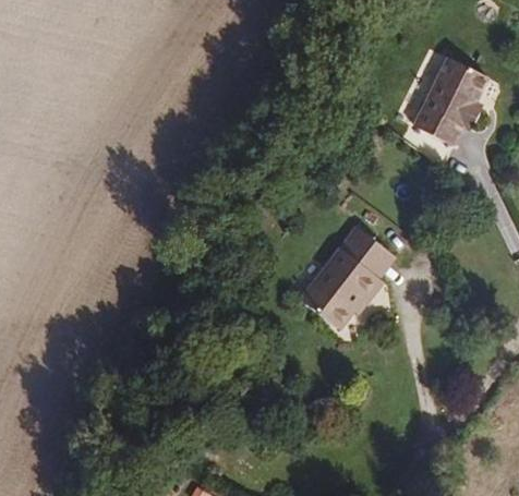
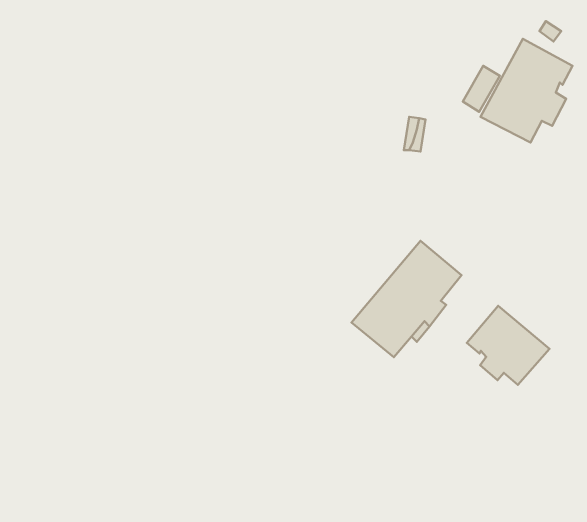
building: none -> [467,306,549,385]

